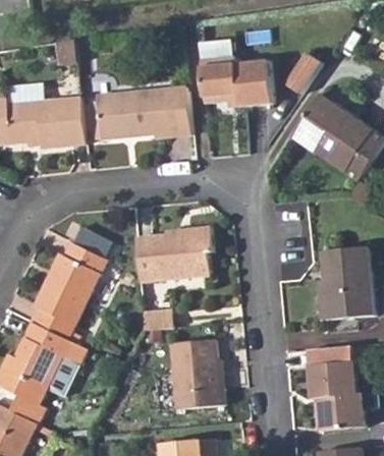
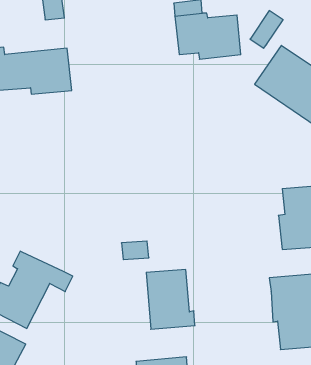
building: [99,86,194,136] -> none
building: [135,229,212,282] -> none
building: [32,242,105,343] -> none

